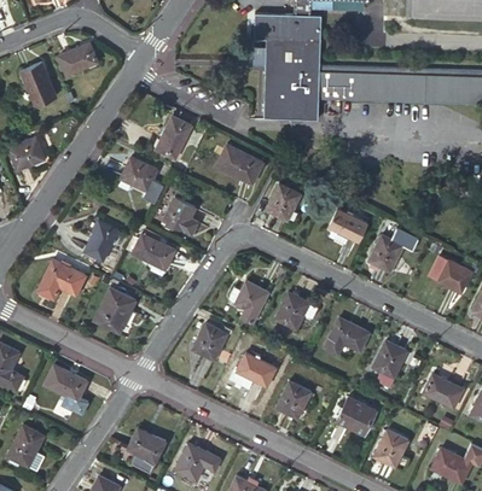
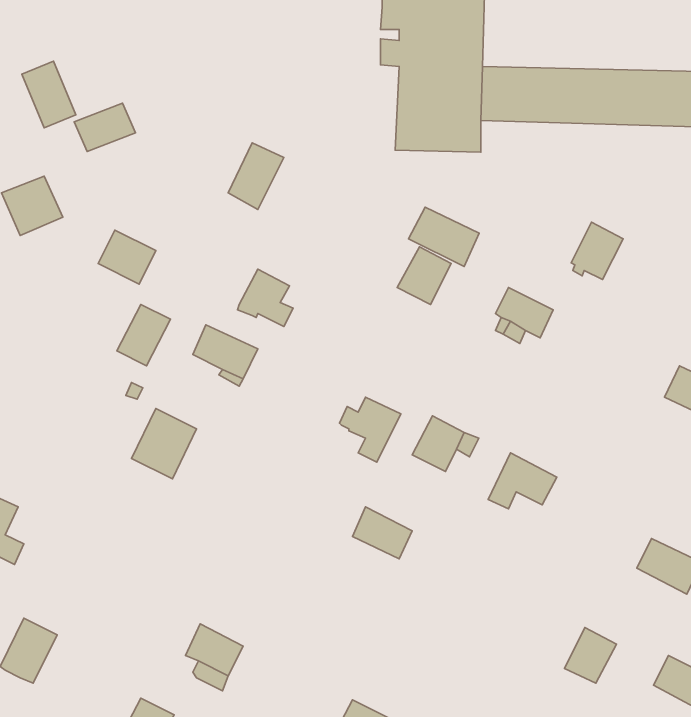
building: [59,42,99,74] -> [74,103,136,151]
building: [216,144,262,182] -> [408,207,479,267]
building: [121,157,158,192] -> [98,230,156,284]
building: [370,234,403,271] -> [571,222,623,280]
building: [37,258,86,298] -> none
building: [192,322,227,358] -> none
building: [373,340,407,385] -> none
building: [45,364,87,399] -> none
building: [277,380,312,417] -> none
building: [337,396,377,433] -> none
building: [176,443,221,479] -> none

